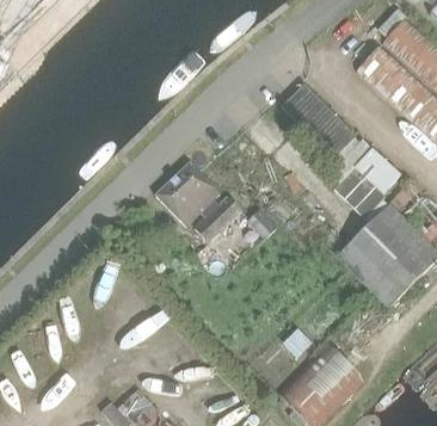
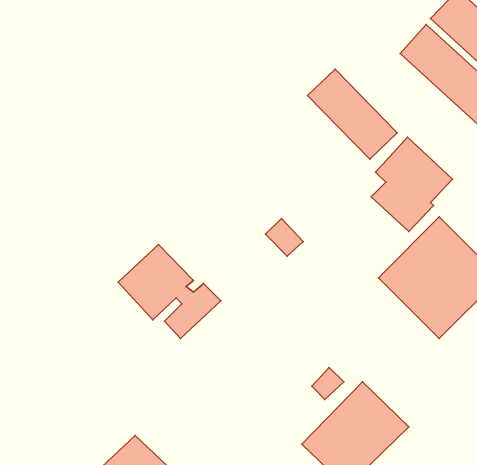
building: [156,163,241,241] -> [118,244,221,339]

